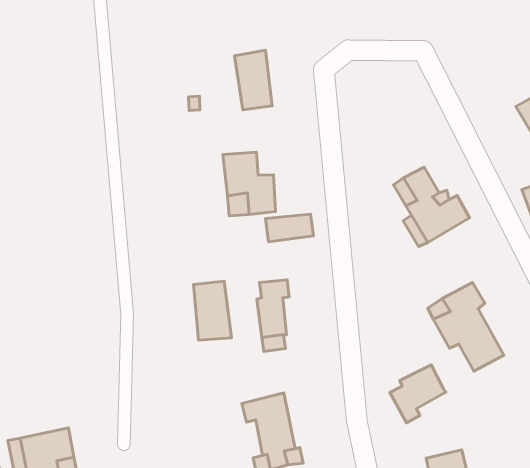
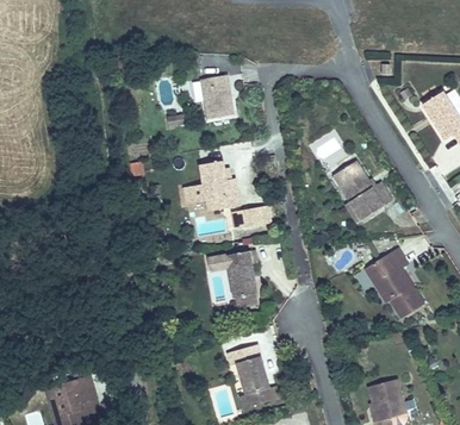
building: none -> [310,135,346,170]
building: [193,281,231,340] -> none
building: [390,365,446,423] -> none

